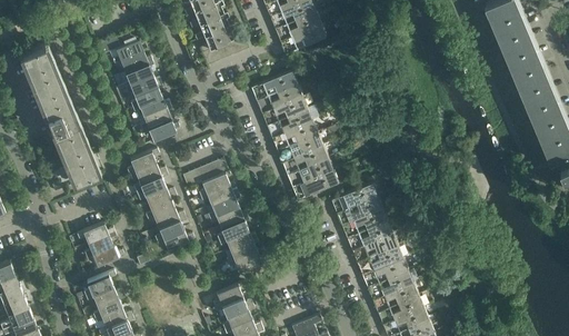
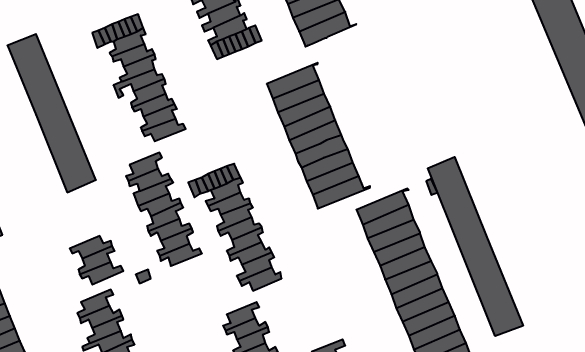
building: none -> [428,157,523,336]

